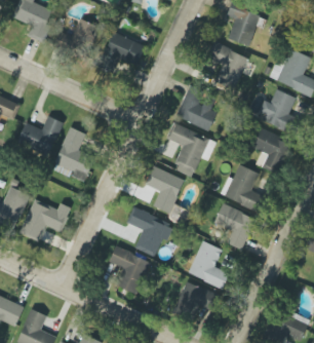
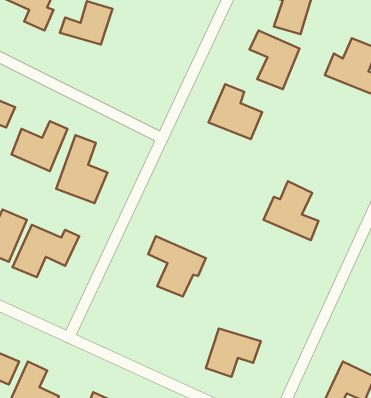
building: [99,32,146,72] -> none
building: [259,88,296,131] -> none
building: [166,122,217,177] -> none
building: [252,128,290,173] -> none
building: [145,165,189,221] -> none
building: [214,203,256,249] -> none
building: [189,240,230,288] -> none
building: [109,245,150,293] -> none

